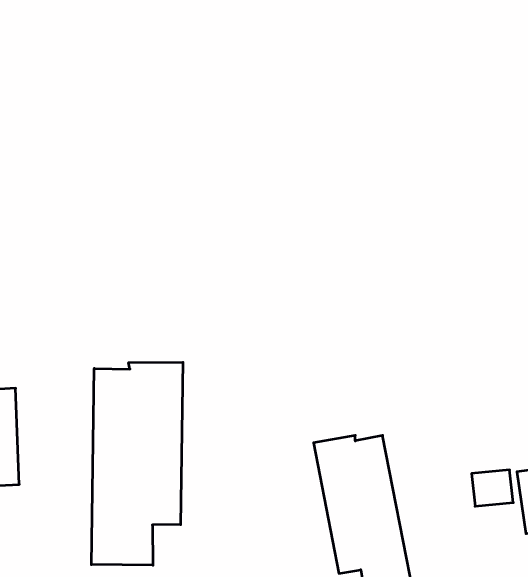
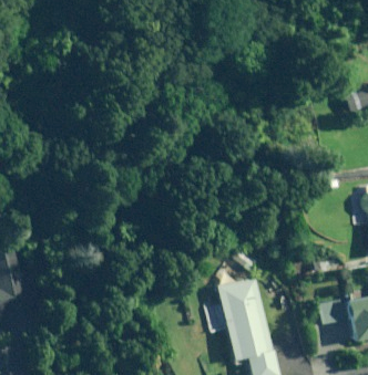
building: [91,362,183,565] -> none

